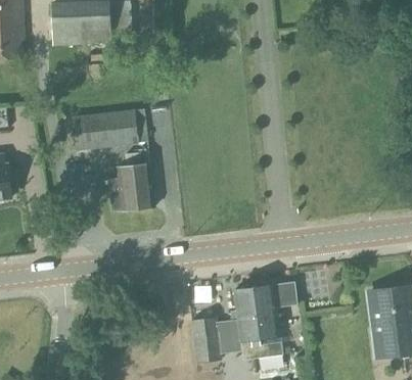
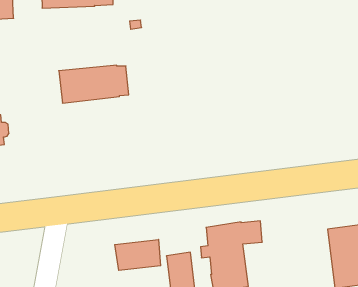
building: [109,150,155,208] -> none
building: none -> [115,239,161,270]

